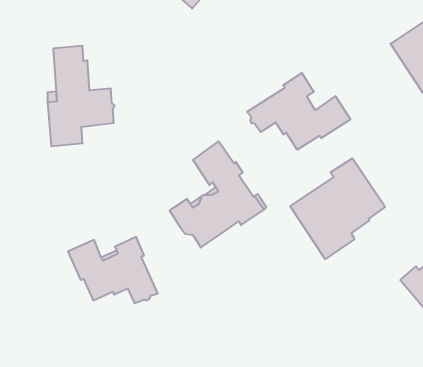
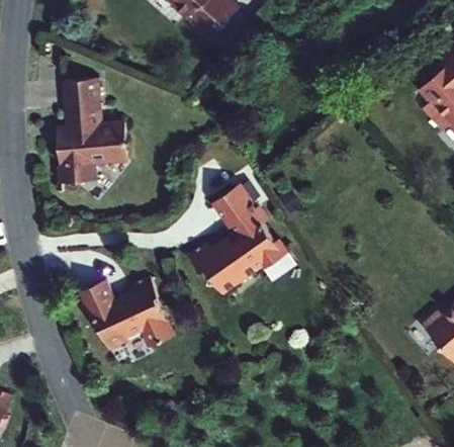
building: [247,73,350,150] -> none
building: [290,158,385,259] -> none

